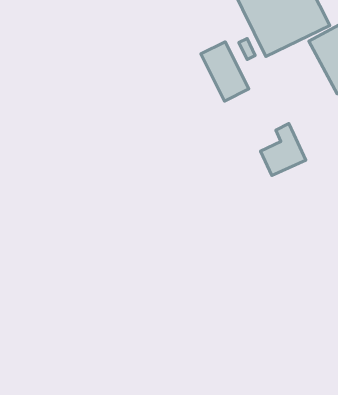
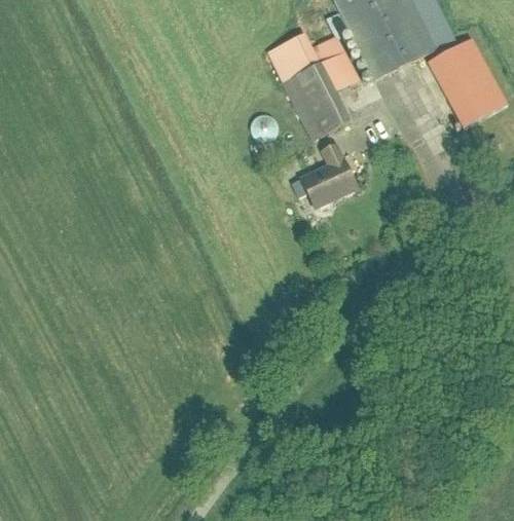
building: none -> [269,28,323,74]
building: [261,124,306,176] -> [300,142,358,208]

